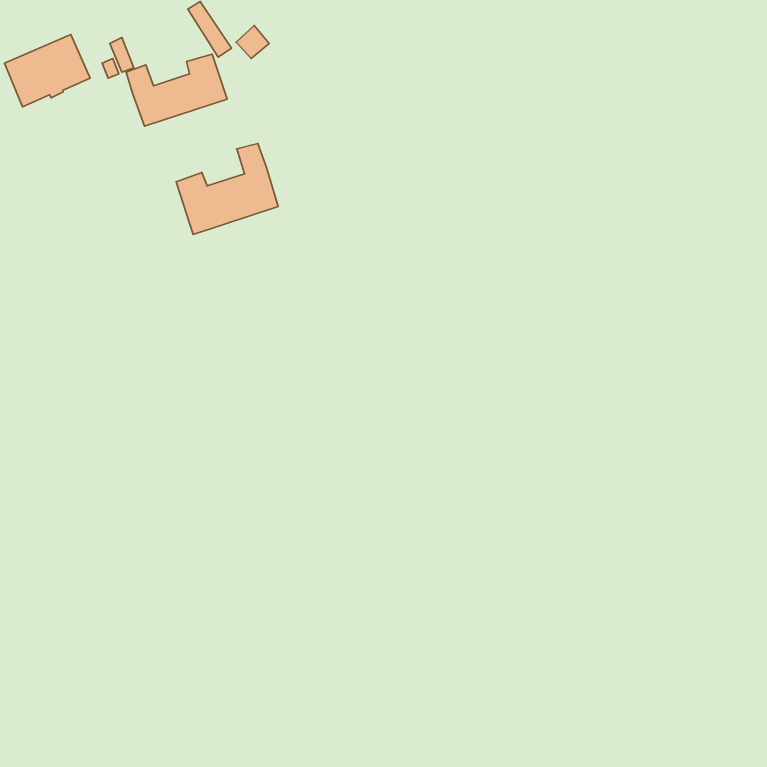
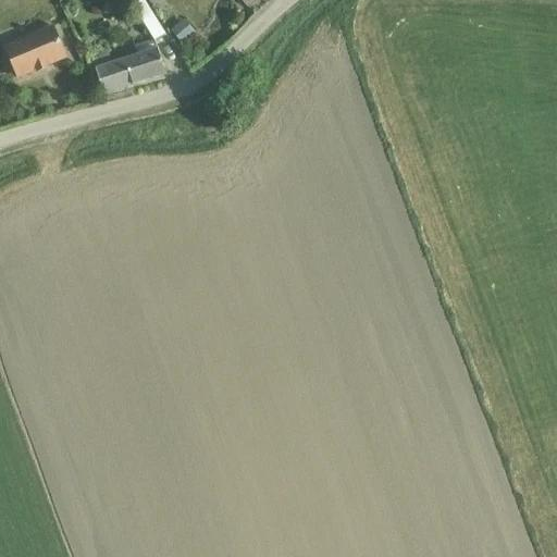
building: [176,143,278,234] -> none

